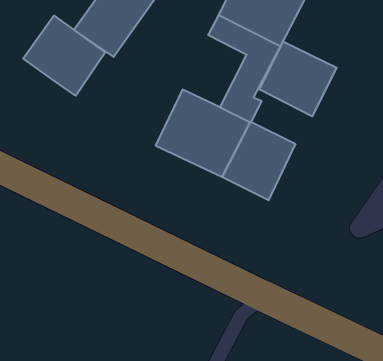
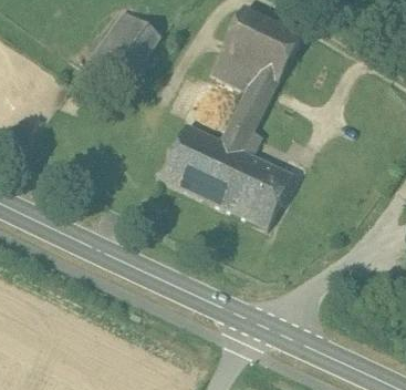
building: [23,16,105,96] -> none
building: [260,41,337,116] -> none

